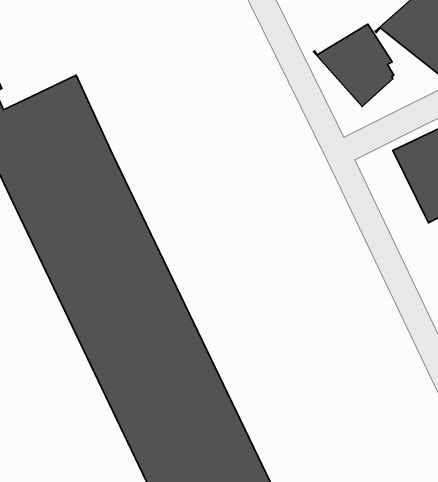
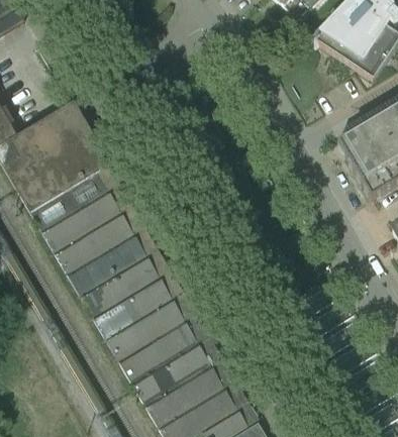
building: [314,24,394,107] -> none

